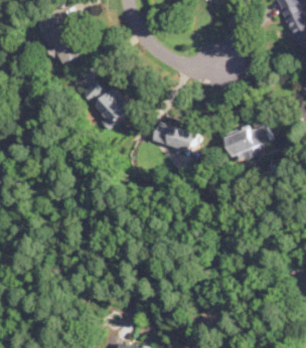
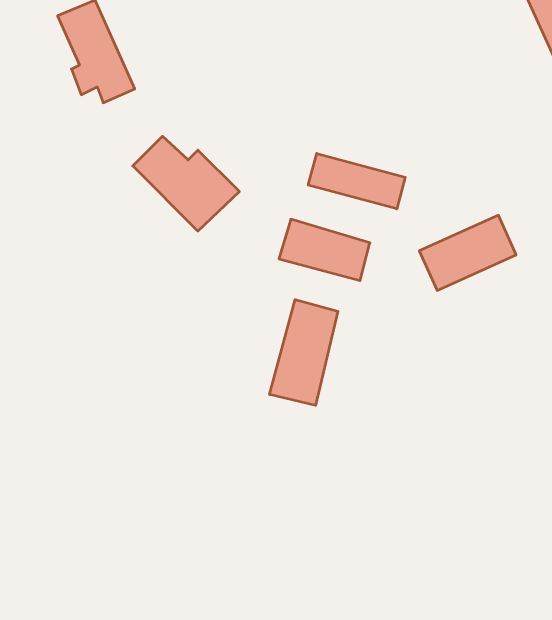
building: none -> [308,153,405,209]
building: none -> [270,300,338,405]

